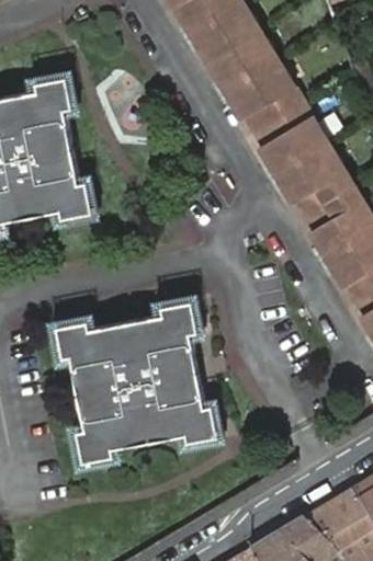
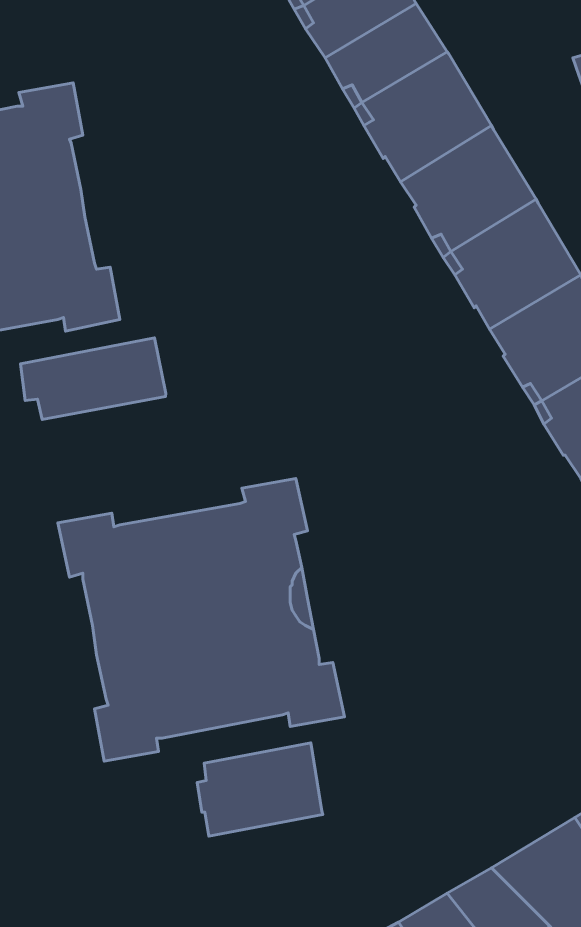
building: none -> [20,338,166,420]
building: none -> [197,743,323,836]

